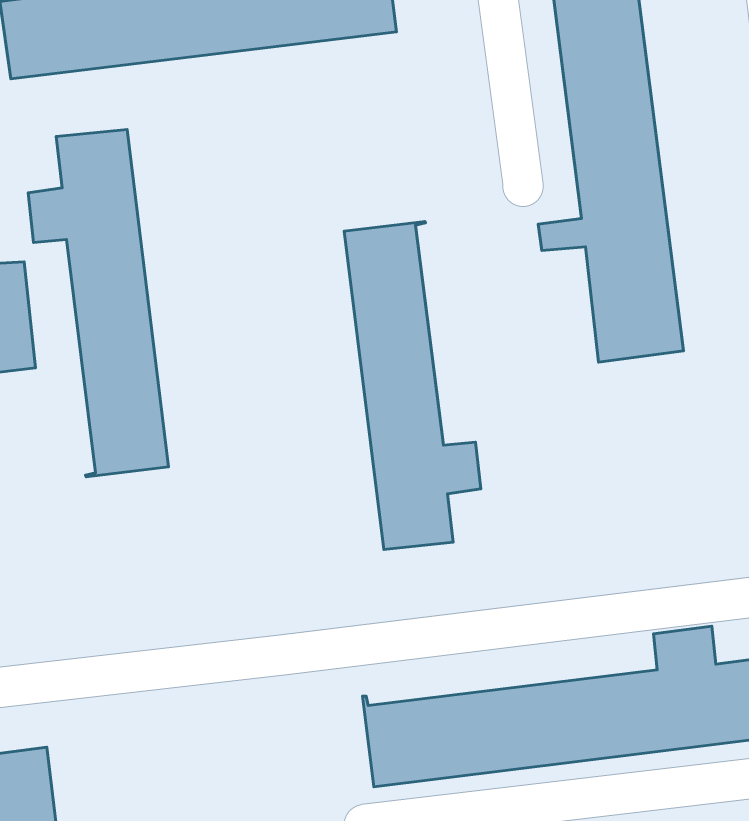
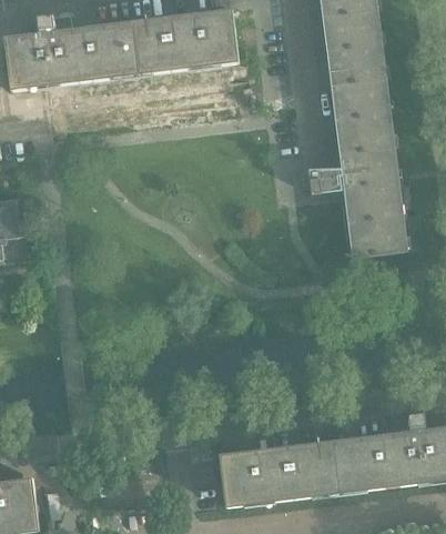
building: [28,129,169,477] -> none
building: [344,221,481,549] -> none

